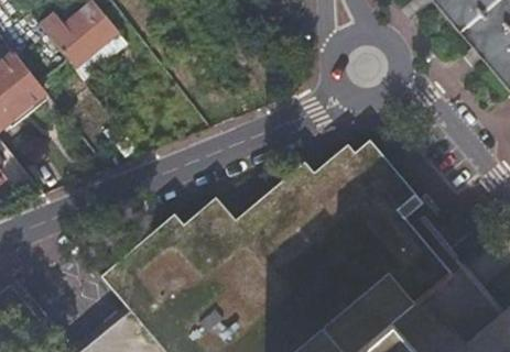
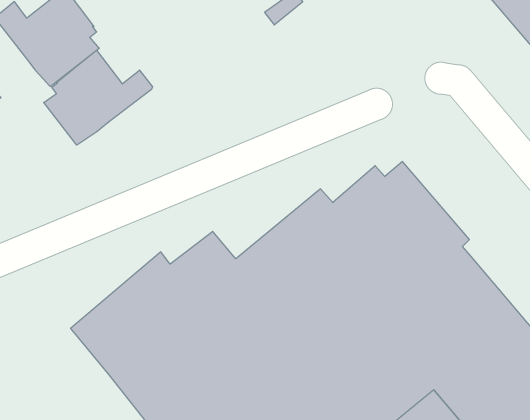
building: none -> [44,50,152,145]

